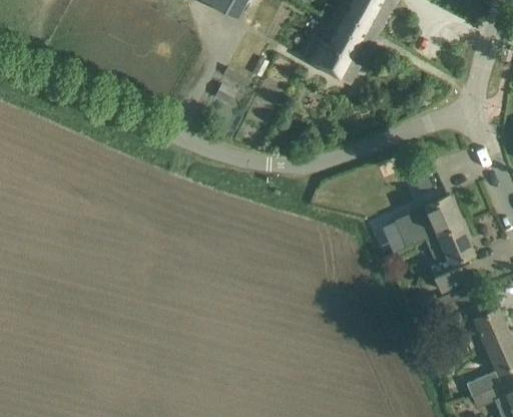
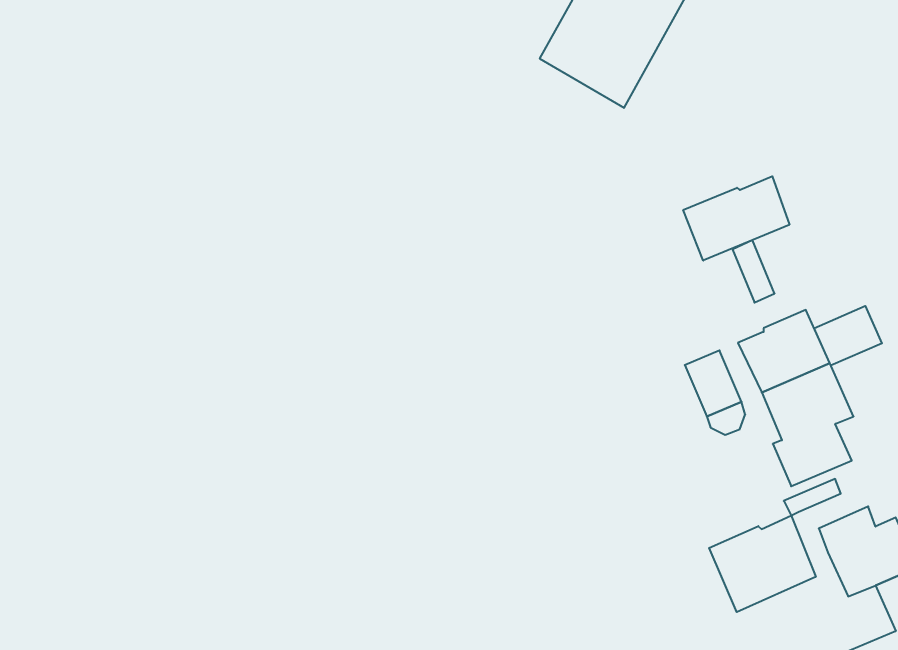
building: none -> [683,176,789,261]
building: none -> [814,306,882,366]
building: none -> [709,516,816,612]

